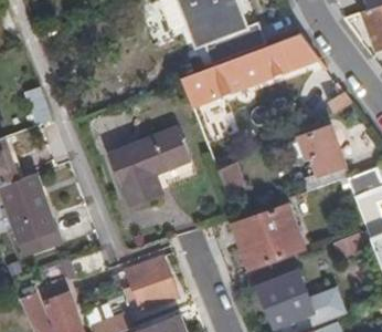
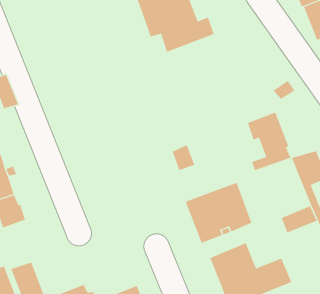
building: [182,34,317,105] -> none
building: [112,127,190,205] -> none
building: [126,256,177,314] -> none

